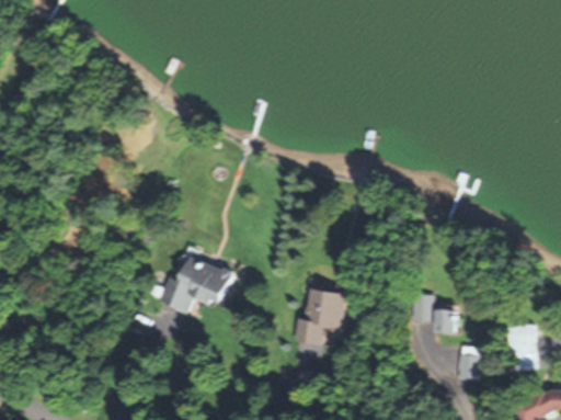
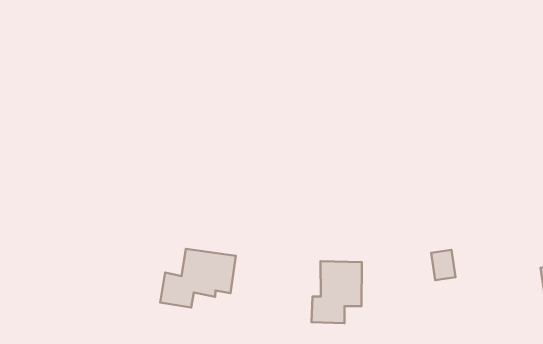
building: [437,309,458,334] -> none
building: [458,348,479,382] -> none

